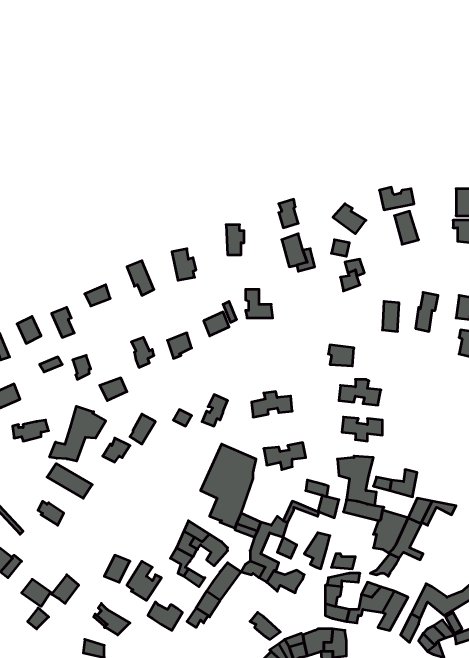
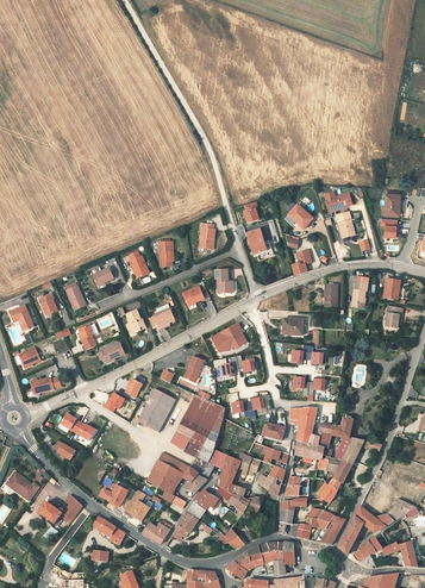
building: none -> [211,321,246,351]
building: [50,406,106,461] -> none
building: none -> [138,387,175,430]

